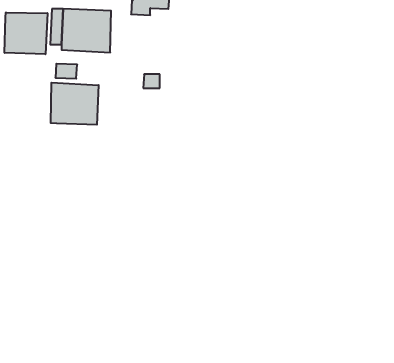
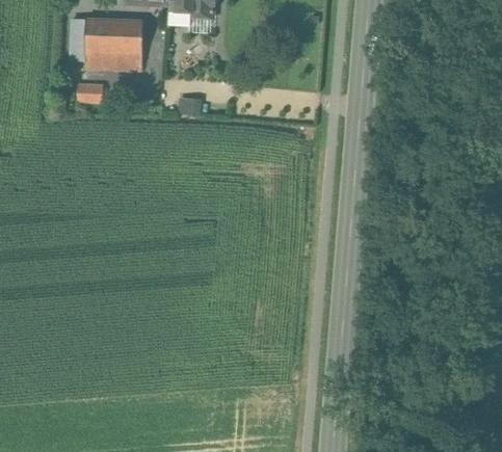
building: [5,12,47,54] -> none
building: [51,83,99,125] -> none

